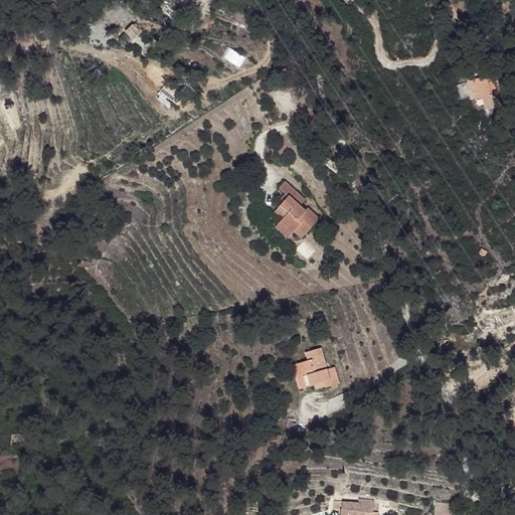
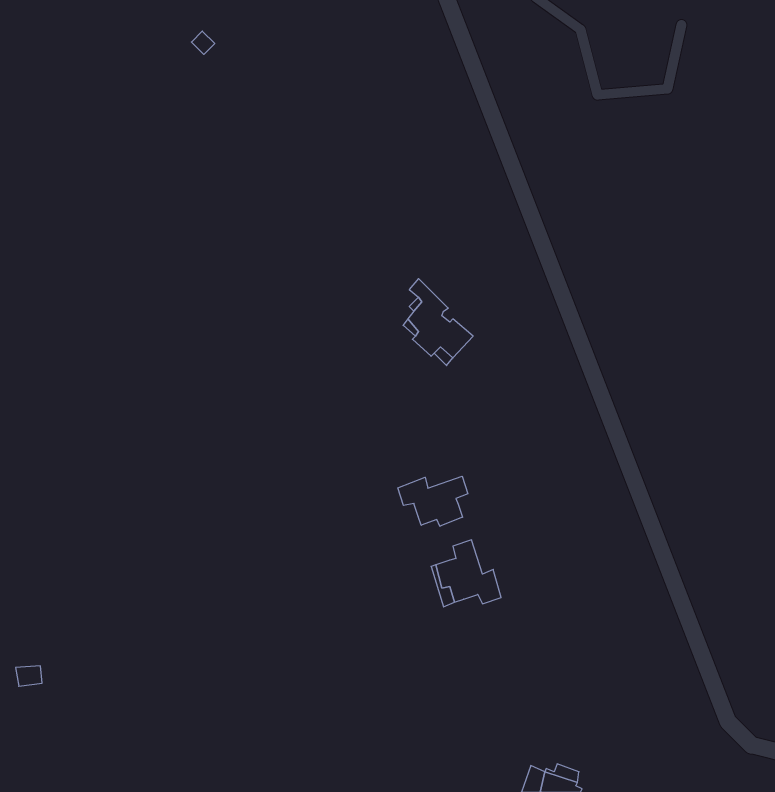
building: none -> [398,476,468,526]

